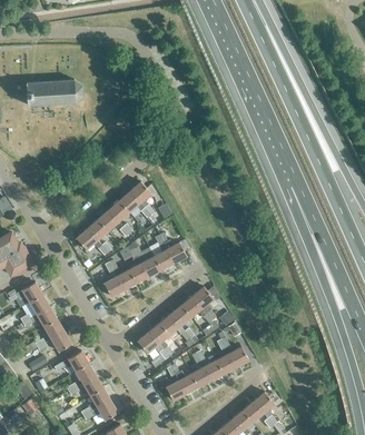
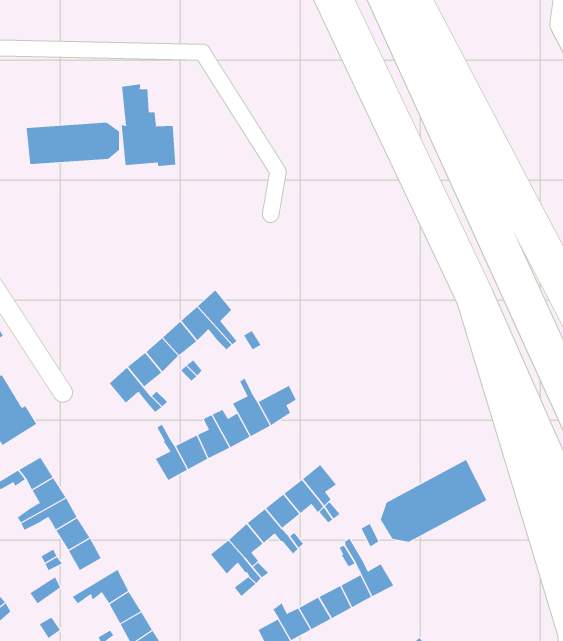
building: none -> [121,83,176,167]
building: none -> [380,459,487,543]

